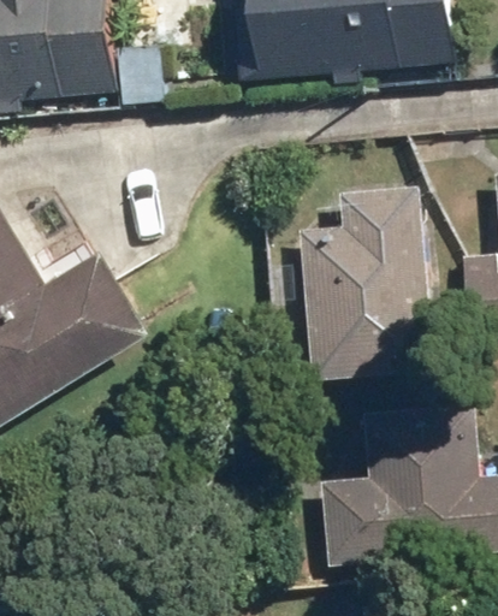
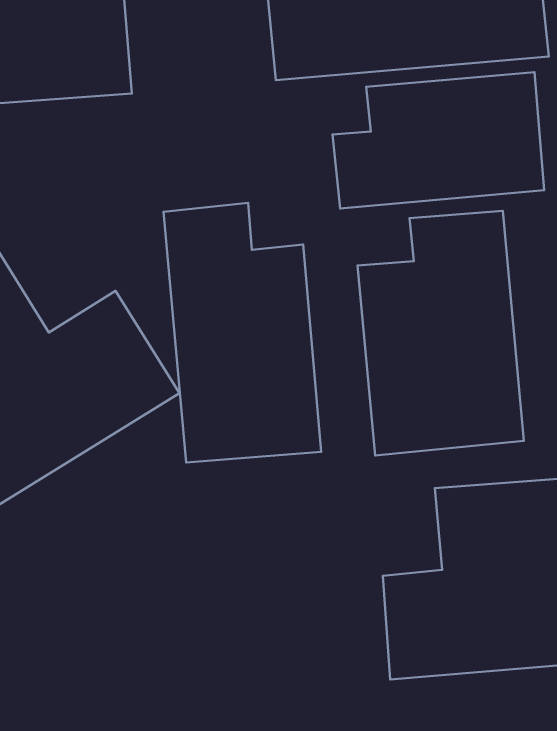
building: none -> [333,72,544,209]
building: none -> [163,203,321,462]

